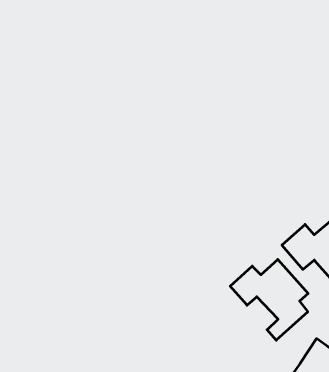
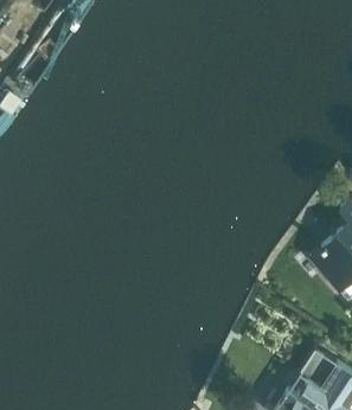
building: [230,259,308,340] -> none

